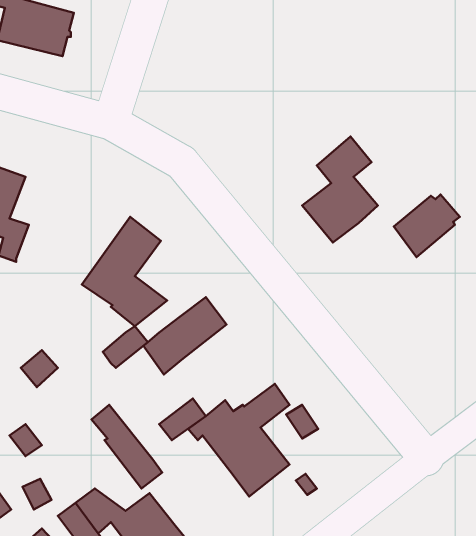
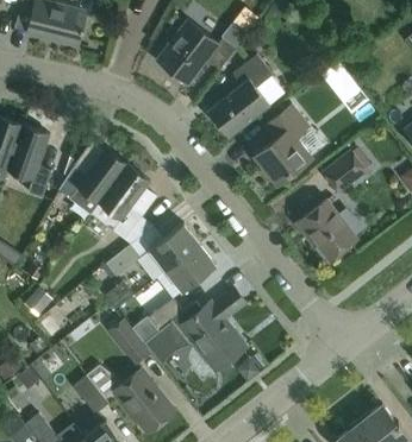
building: none -> [156,21,236,86]
building: none -> [207,56,273,138]
building: none -> [56,150,126,215]
building: none -> [294,200,356,261]
building: none -> [164,245,216,293]
building: none -> [143,323,188,368]

